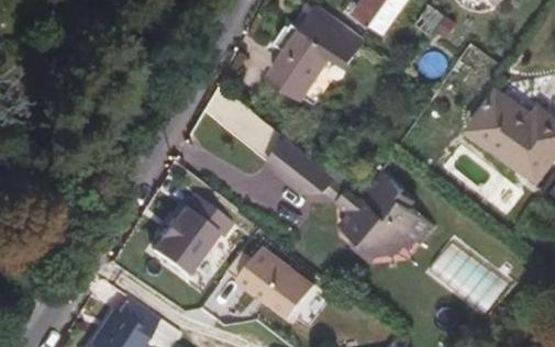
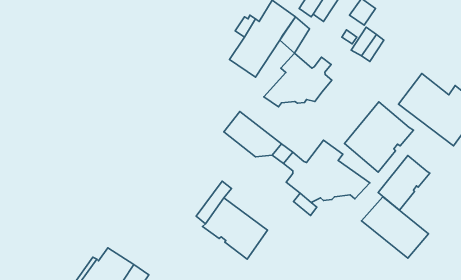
building: none -> [264,53,332,107]
building: none -> [345,102,413,172]
building: [155,189,235,270] -> none
building: none -> [378,156,430,210]

